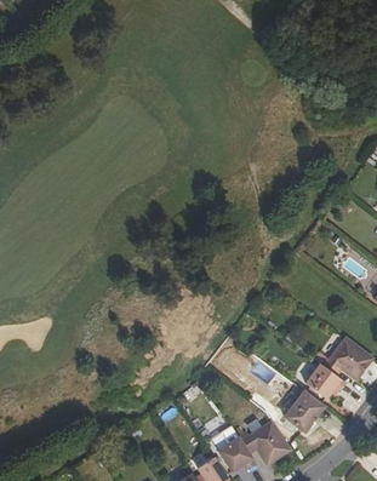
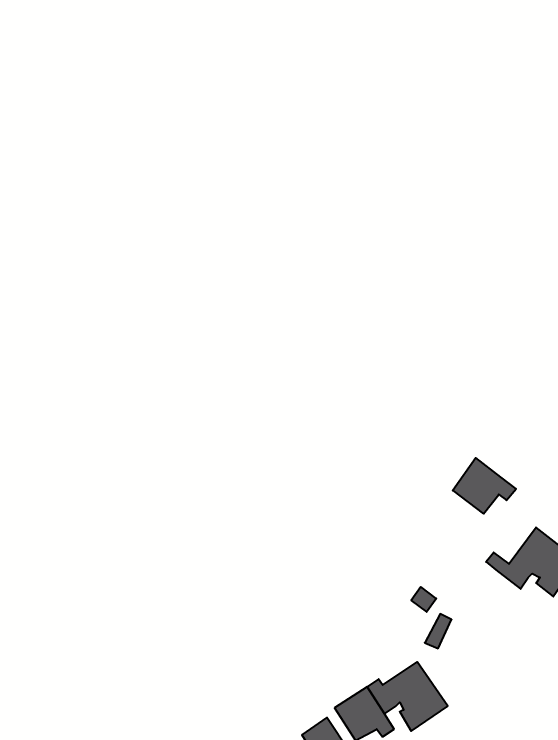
building: [307,363,347,399] -> [453,458,516,514]
building: [286,389,324,431] -> none

